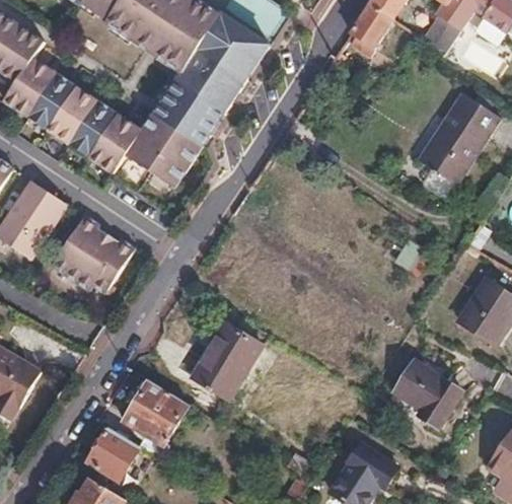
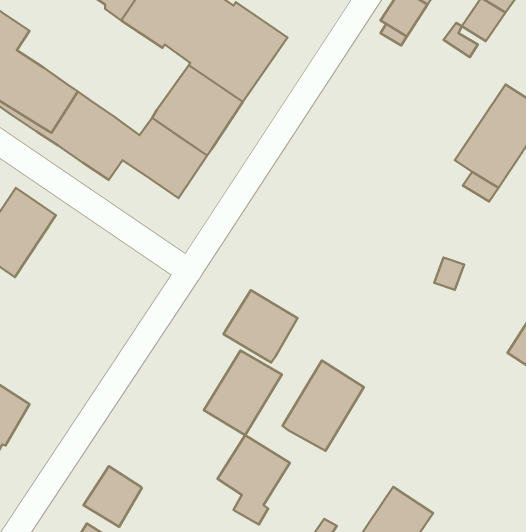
building: [52,216,133,294] -> none
building: none -> [223,290,298,363]
building: none -> [283,361,364,451]
building: [394,362,460,429] -> none
building: [126,378,190,457] -> [218,435,290,525]

